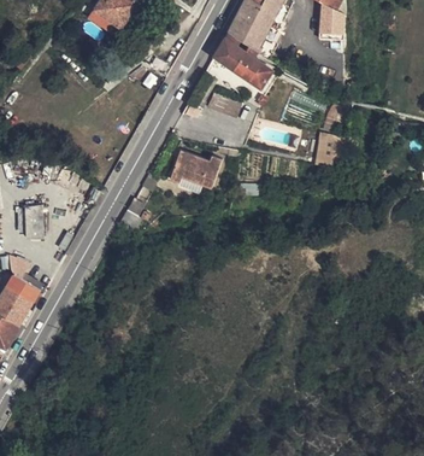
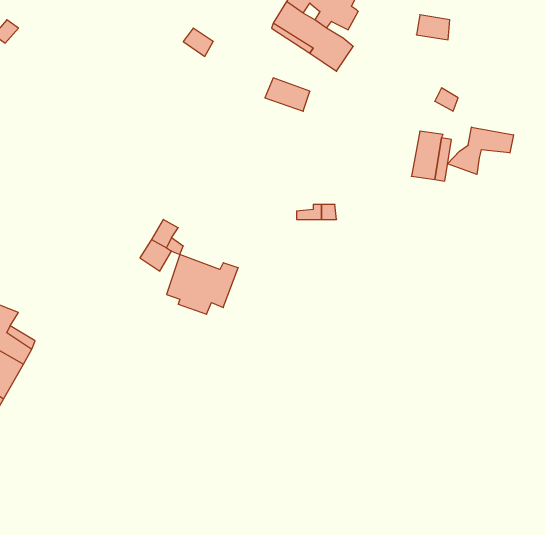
building: none -> [448,127,513,174]
building: [170,150,222,193] -> [167,254,238,314]
building: [25,204,43,238] -> none

